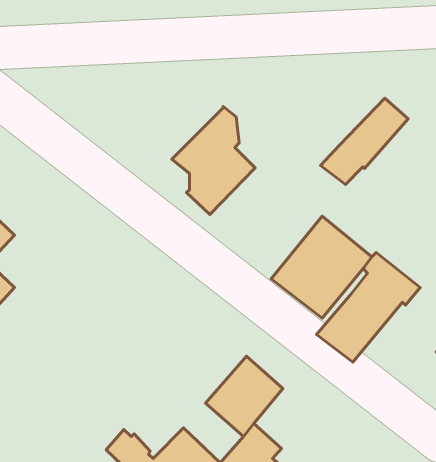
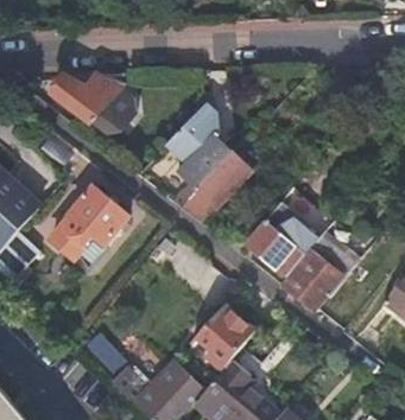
building: none -> [50,74,135,133]
building: [321,98,408,184] -> [181,152,252,222]
building: none -> [50,187,127,257]

